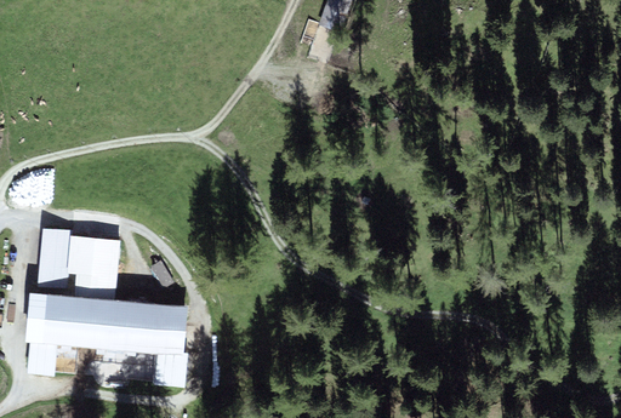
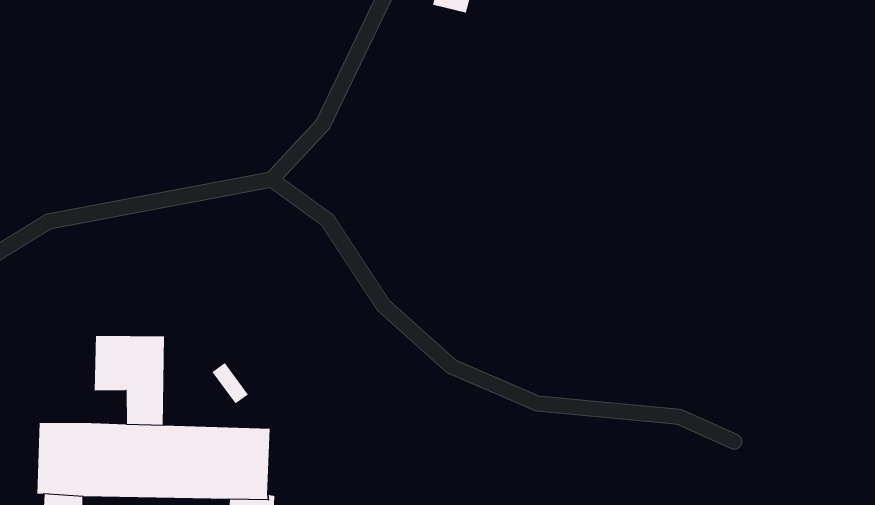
building: [35,229,73,296] -> none

